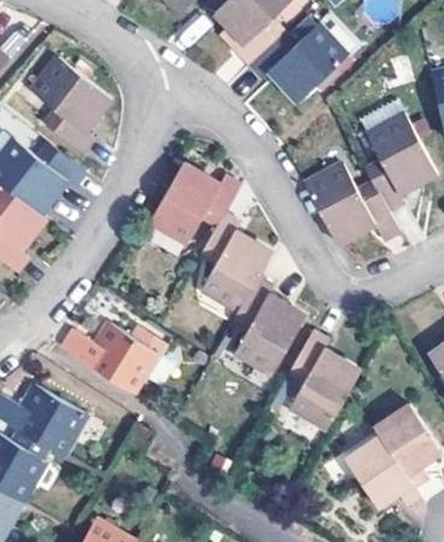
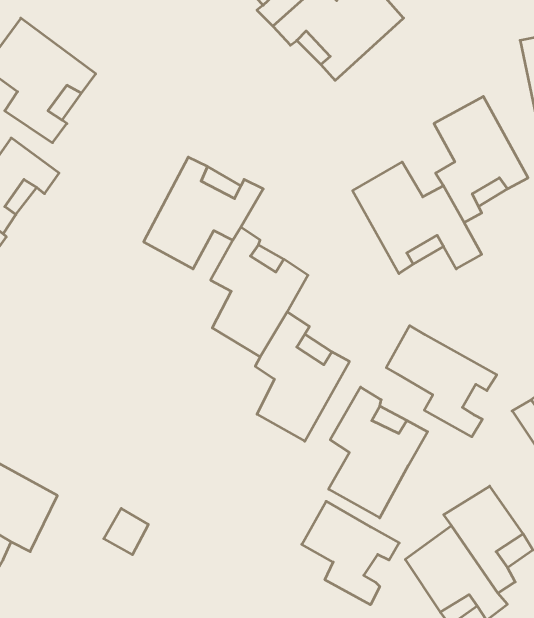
building: none -> [386,326,497,437]
building: [63,322,160,394] -> none
building: none -> [302,501,399,605]

